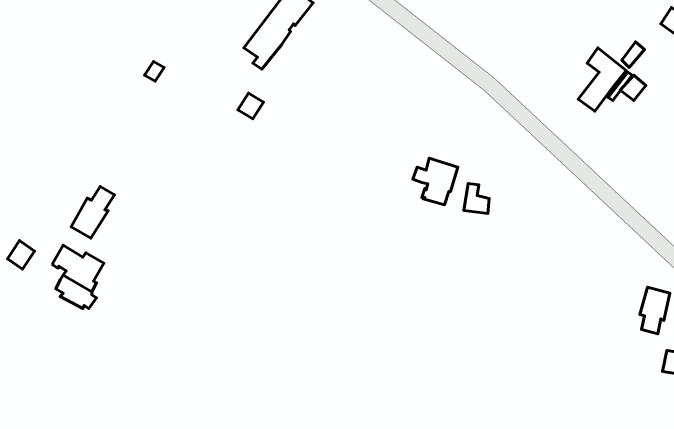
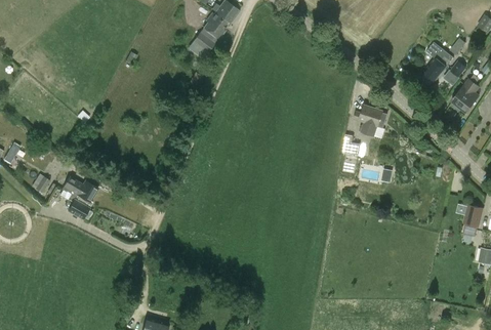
building: none -> [452,74,480,112]
building: [413,158,458,205] -> [353,105,383,136]
building: [71,187,115,238] -> none

